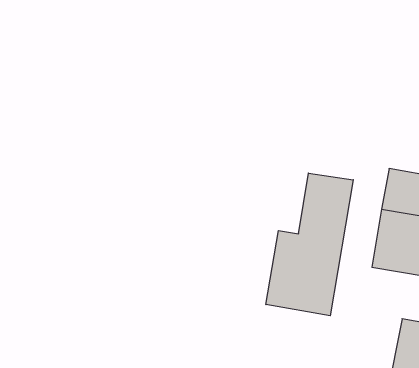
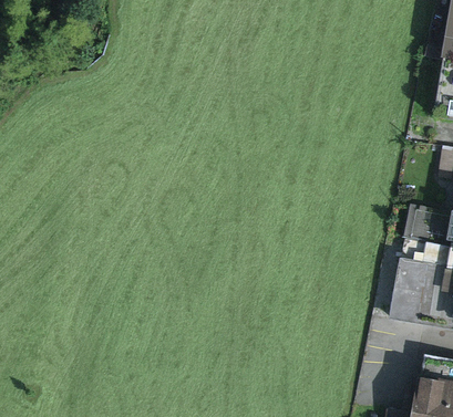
building: [266,173,353,316] -> none

